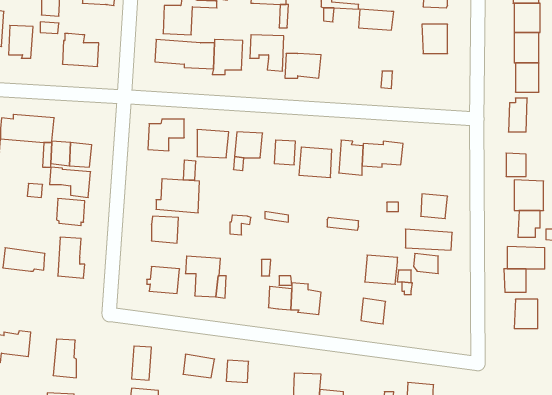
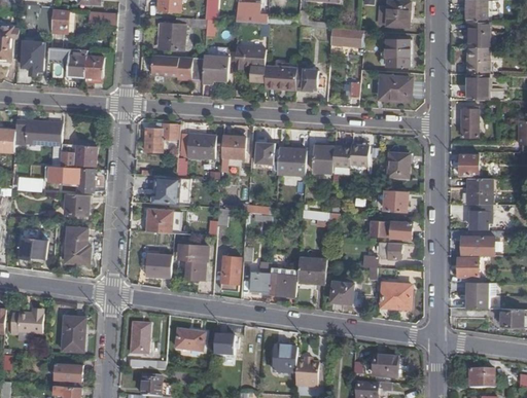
building: none -> [294,61,316,91]
building: none -> [379,77,409,100]
building: none -> [387,152,409,177]
building: [365,255,398,284] -> [297,257,326,283]
building: none -> [220,254,240,290]
building: none -> [382,283,412,312]

